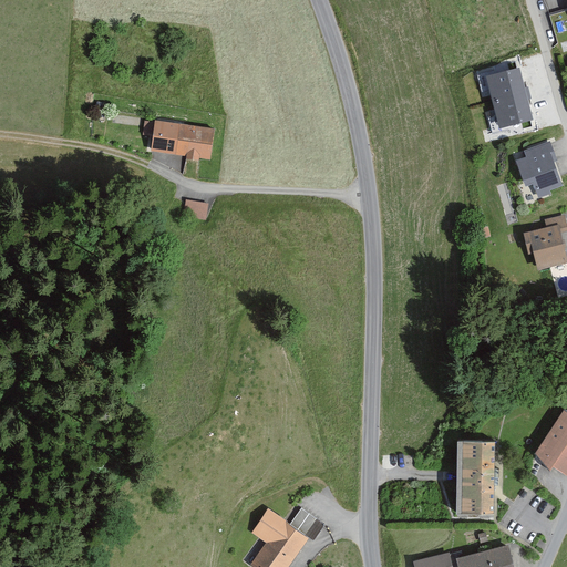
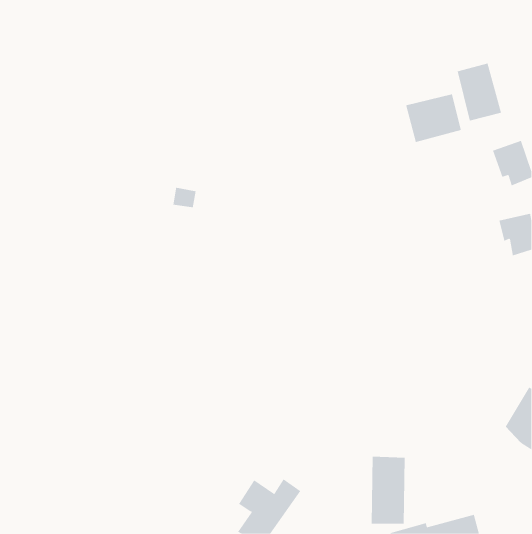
building: none -> [406,93,461,143]
building: [154,118,219,159] -> none
building: [456,444,493,516] -> [371,456,405,524]

